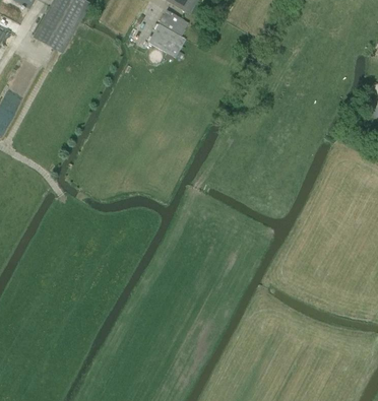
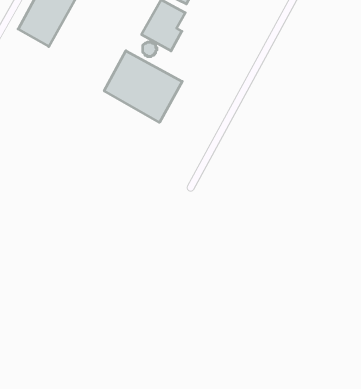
building: none -> [104,51,182,122]

